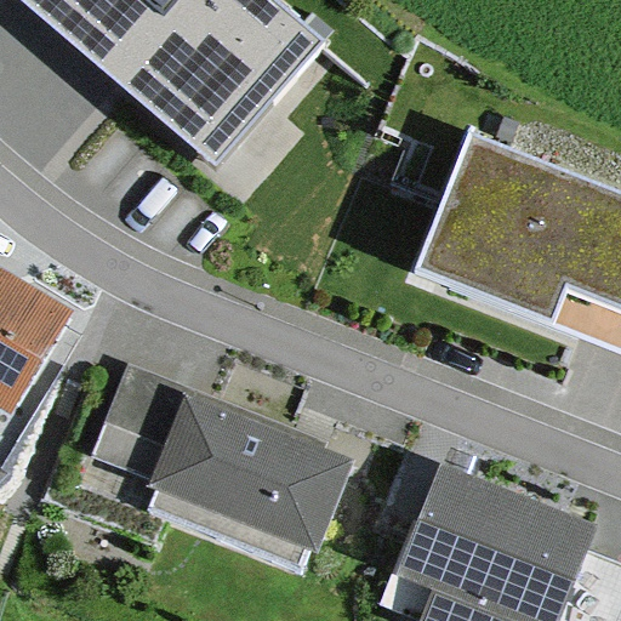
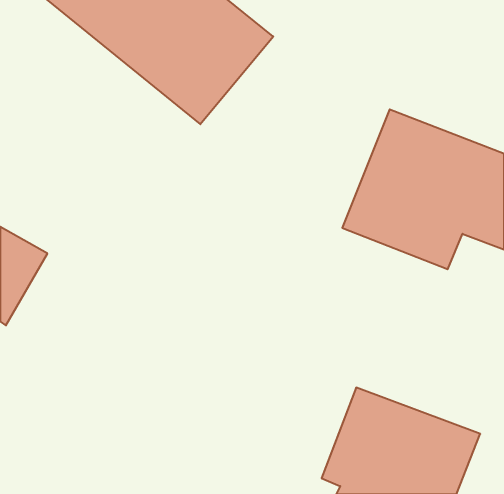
building: [90,378,346,564] -> none

